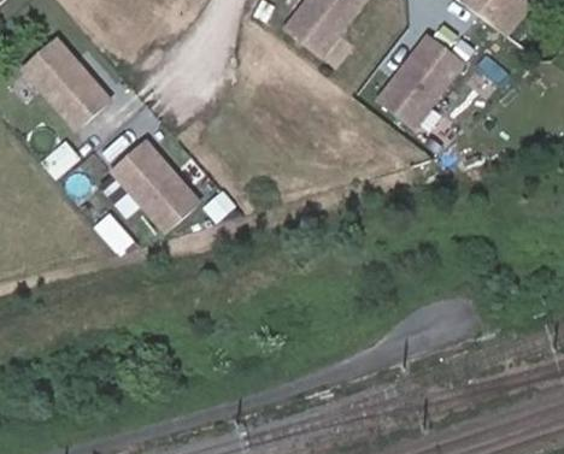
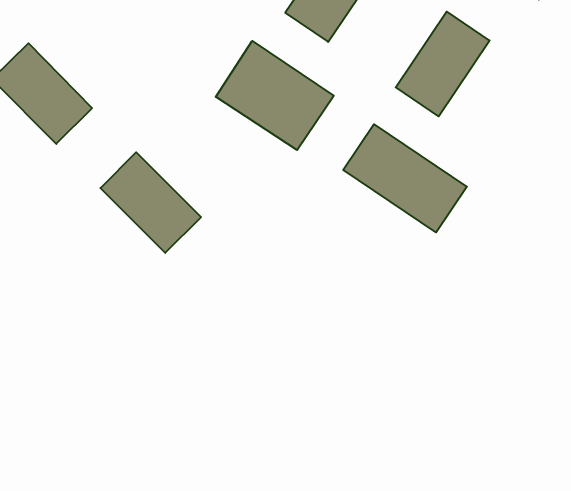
building: none -> [216,41,334,150]
building: none -> [343,124,467,232]

